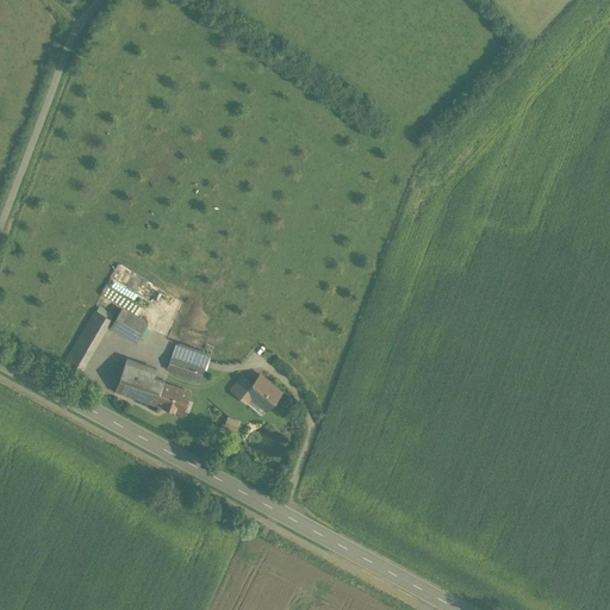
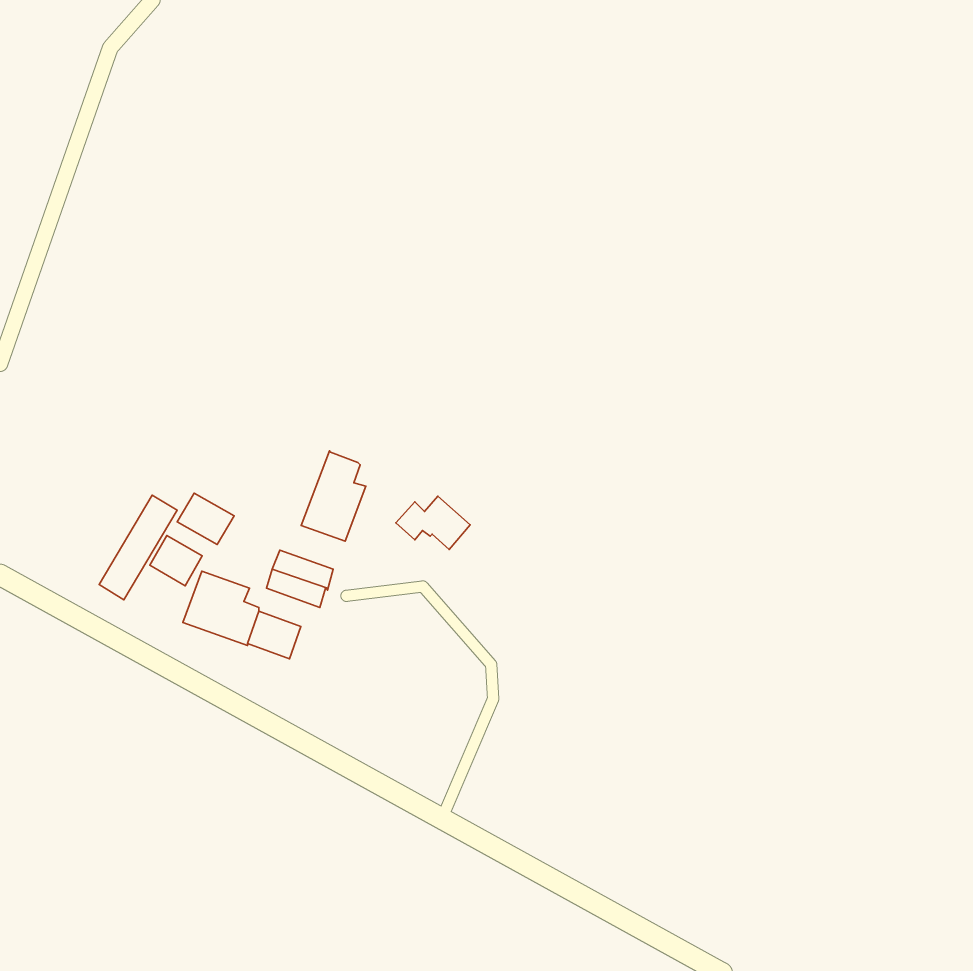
building: none -> [301,451,366,541]
building: none -> [150,535,202,586]
building: [234,375,280,409] -> [396,496,470,549]

